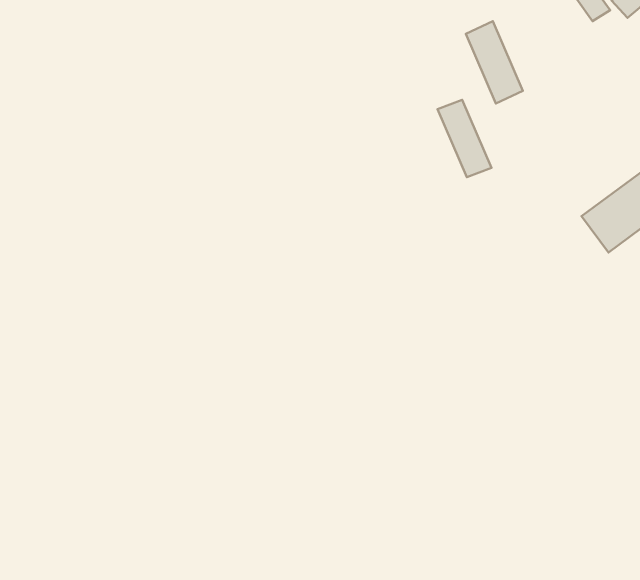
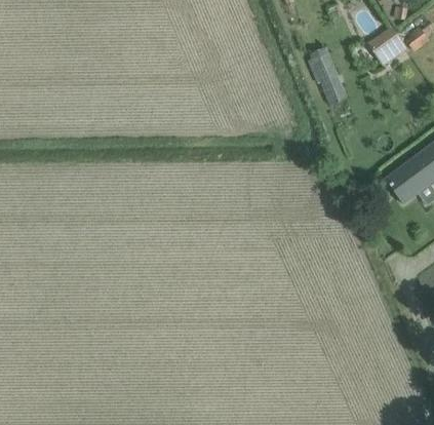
building: [438,100,491,177] -> none

